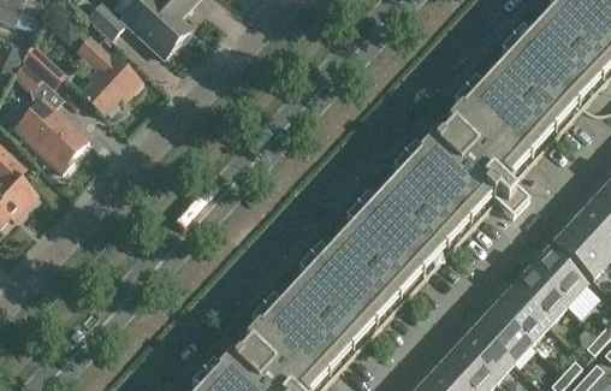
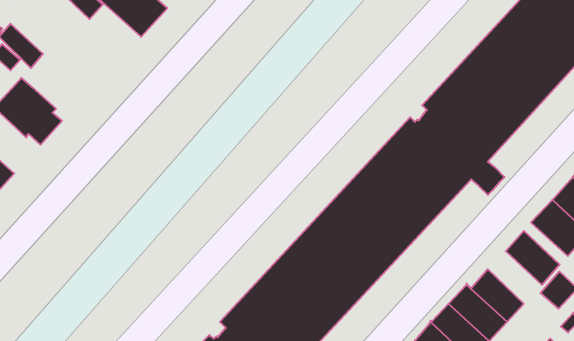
building: [78,37,141,114] -> none
building: [512,272,566,325] -> none

